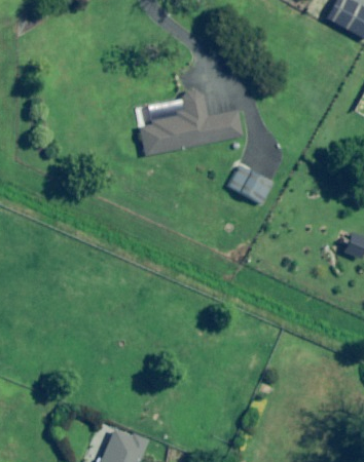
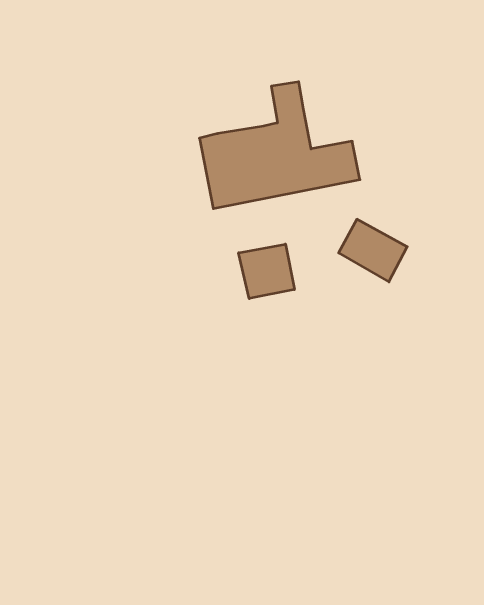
building: none -> [239,244,294,299]

